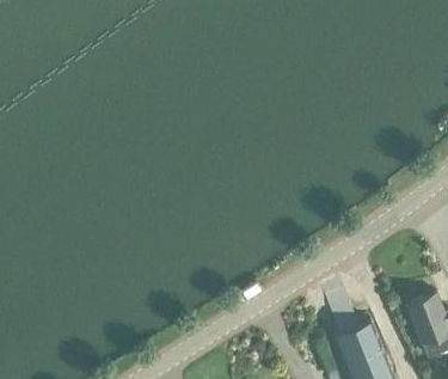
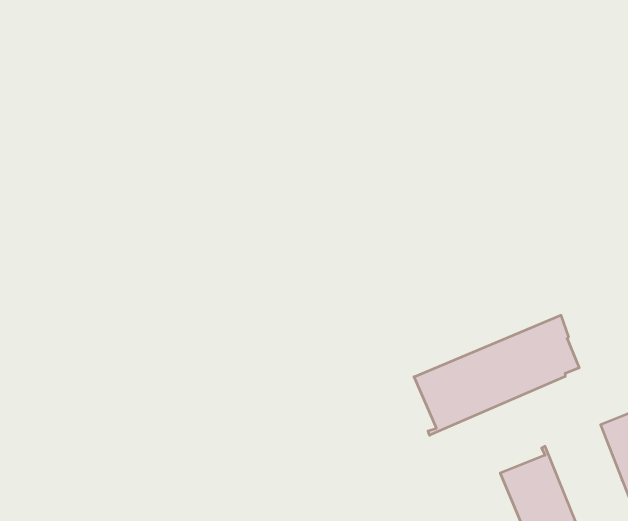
building: none -> [414,315,579,435]

